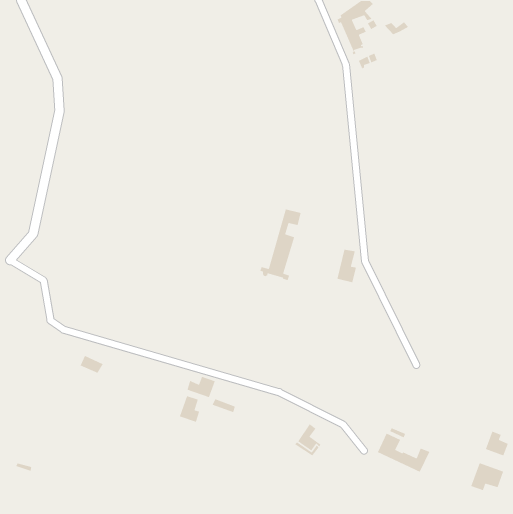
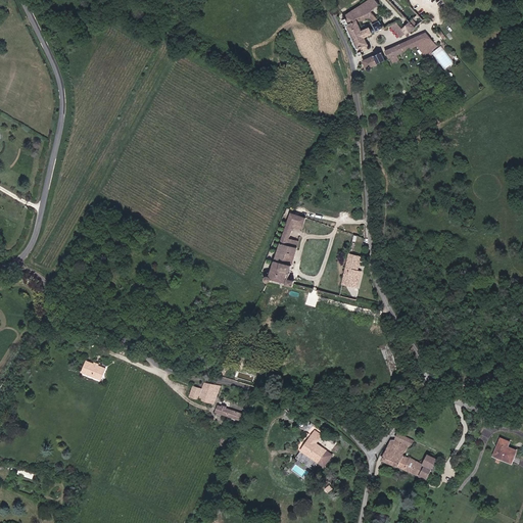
building: none -> [386,33,437,58]
building: [179,395,200,423] -> none
building: [470,462,504,491] -> none

